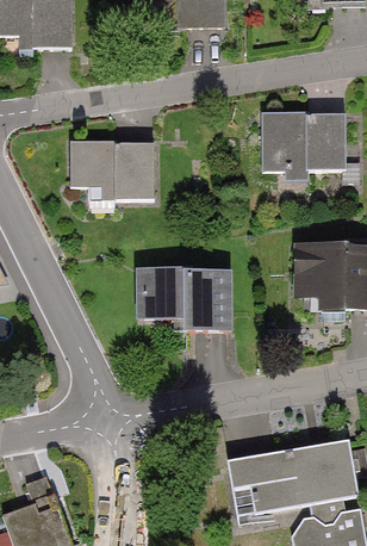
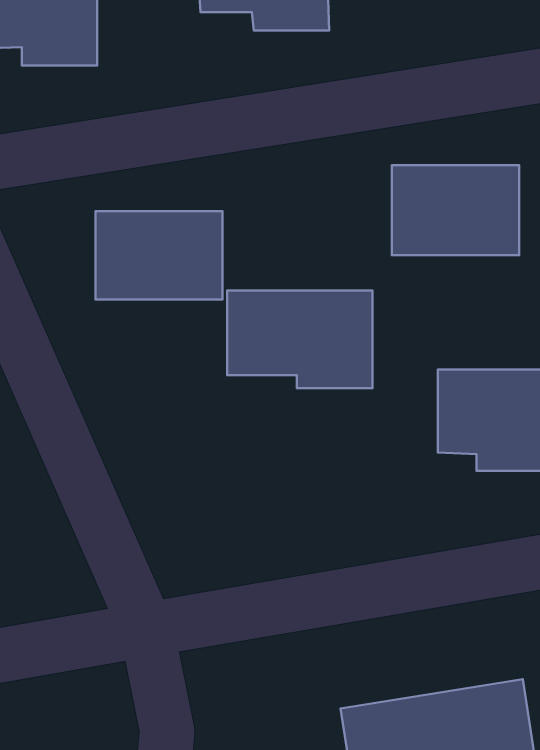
building: [137,271,231,334] -> [227,290,373,388]

